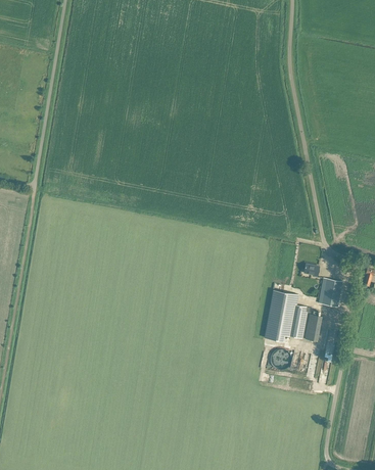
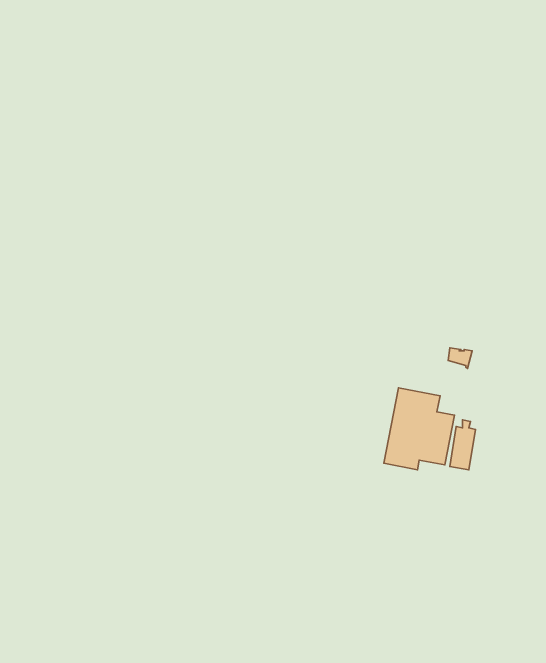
building: [321,279,341,307] -> none

